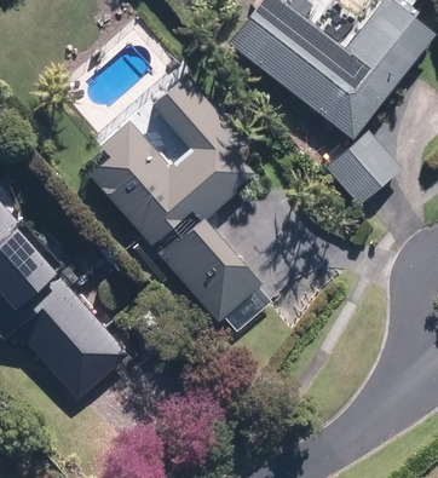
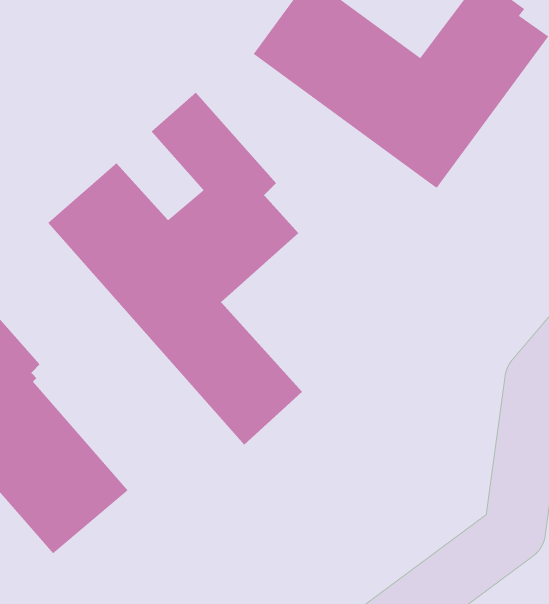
building: [325,131,403,206] -> none

